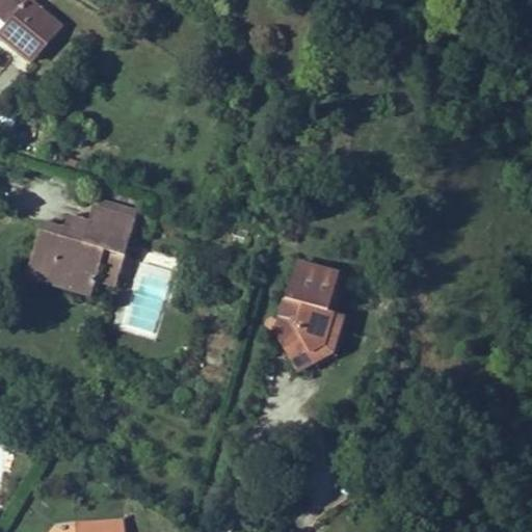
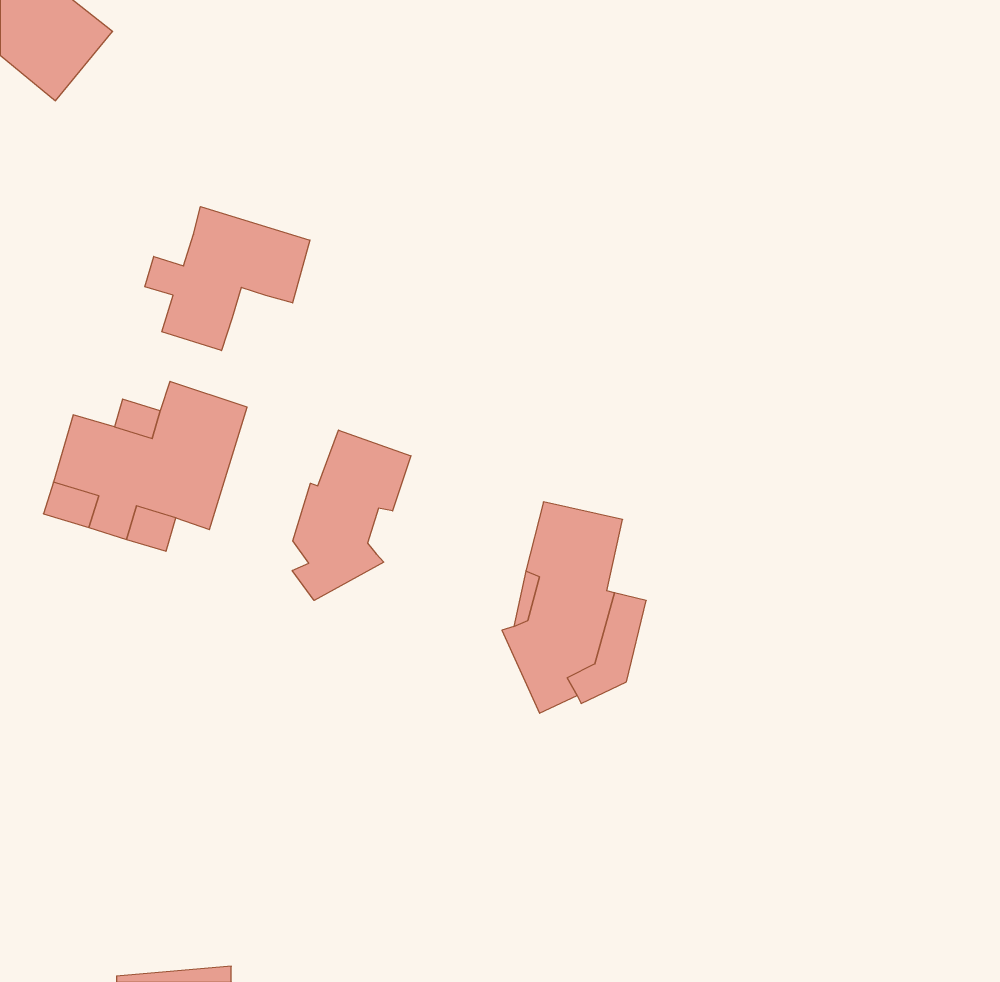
building: none -> [145,207,310,351]
building: none -> [292,430,411,600]

